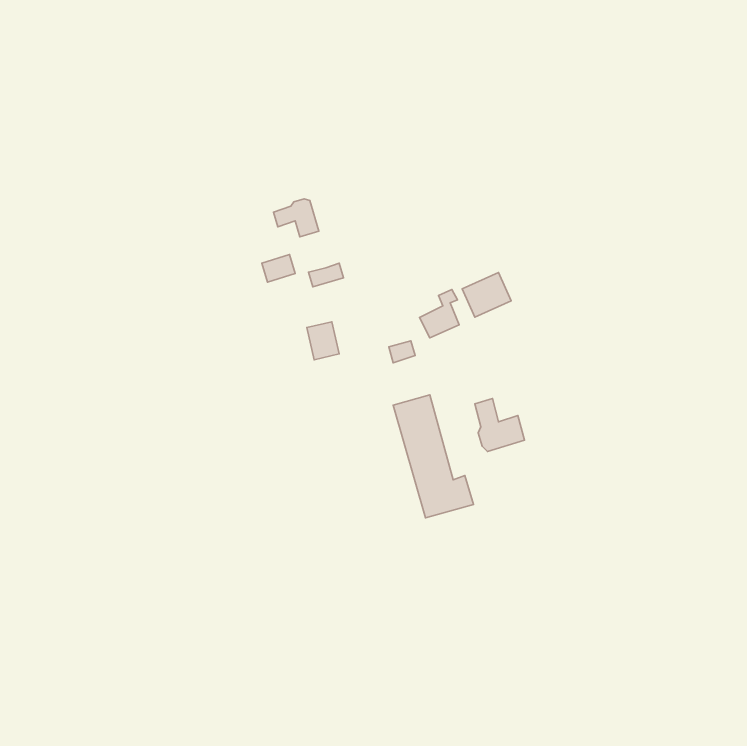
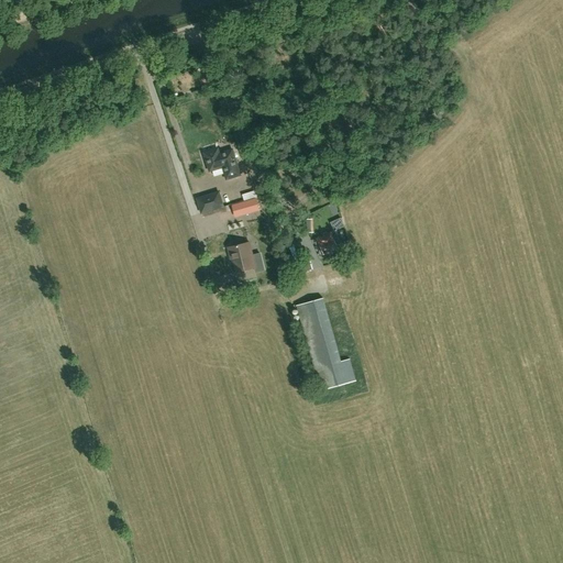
building: [462,272,511,317] -> none
building: [475,399,525,451] -> none

